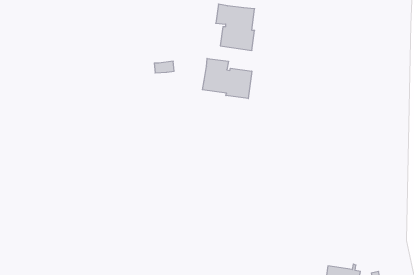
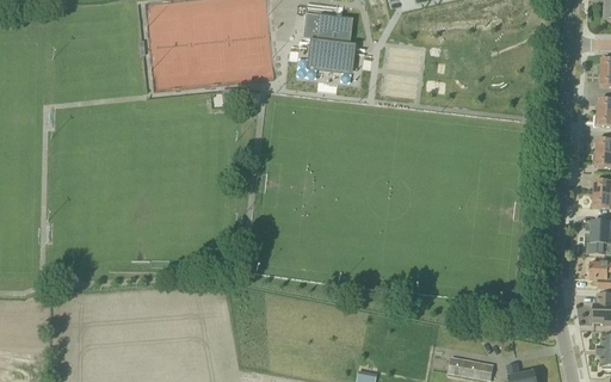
building: [202,58,252,99] -> none

